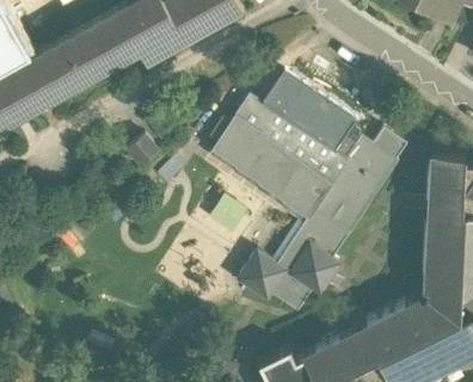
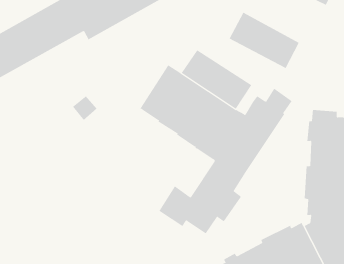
building: none -> [229,12,300,69]

